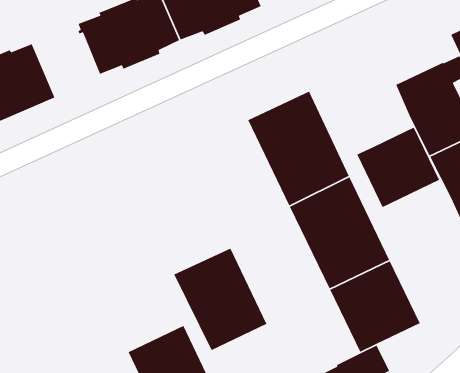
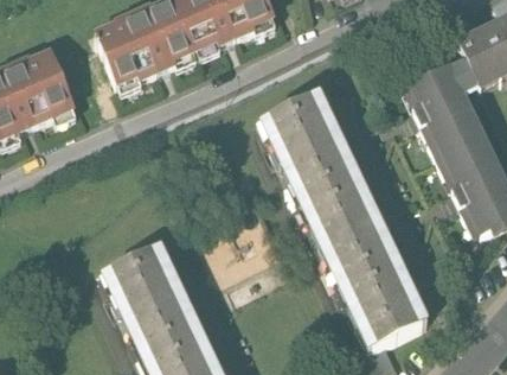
building: [356,126,440,208] -> none
building: [173,247,267,351] -> [107,248,198,349]

